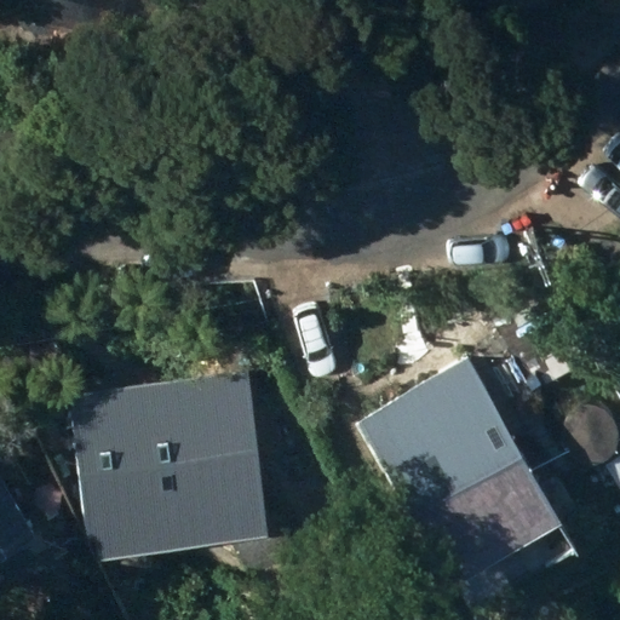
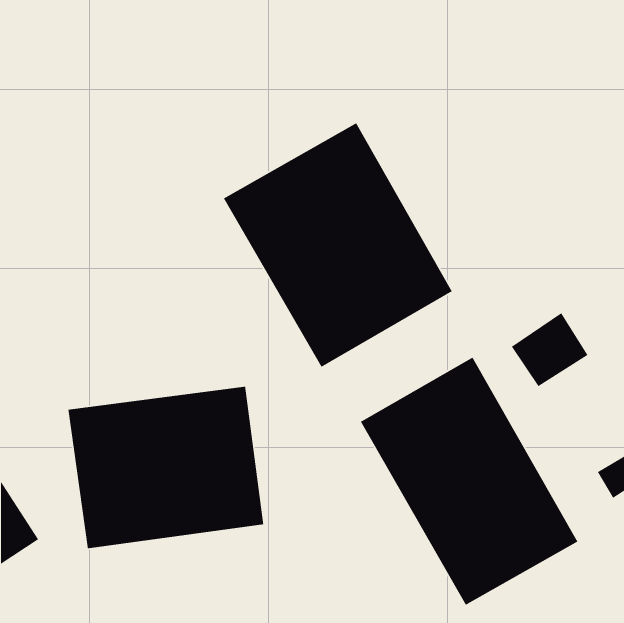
building: none -> [223,122,453,368]

